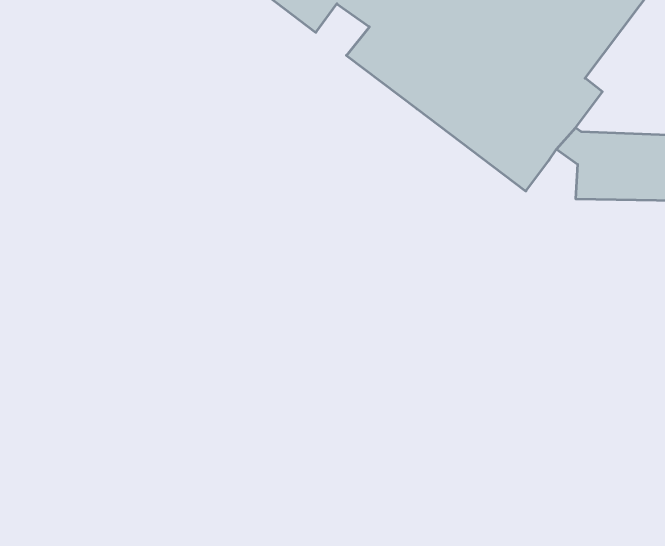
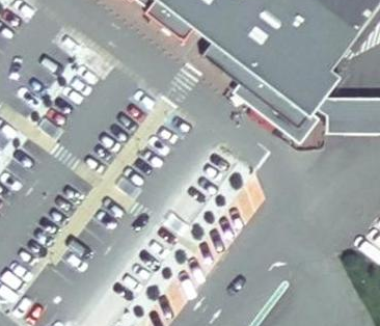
building: none -> [236,81,322,140]

